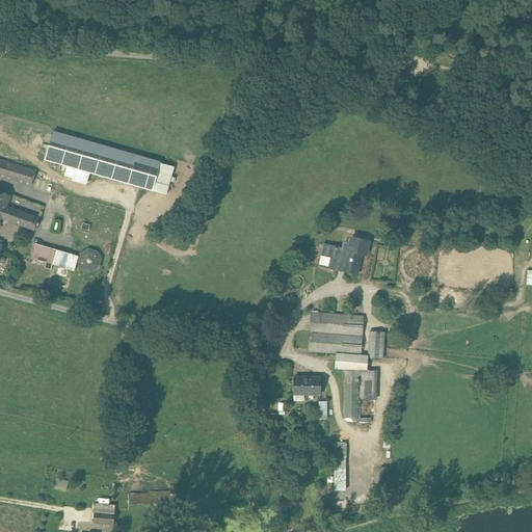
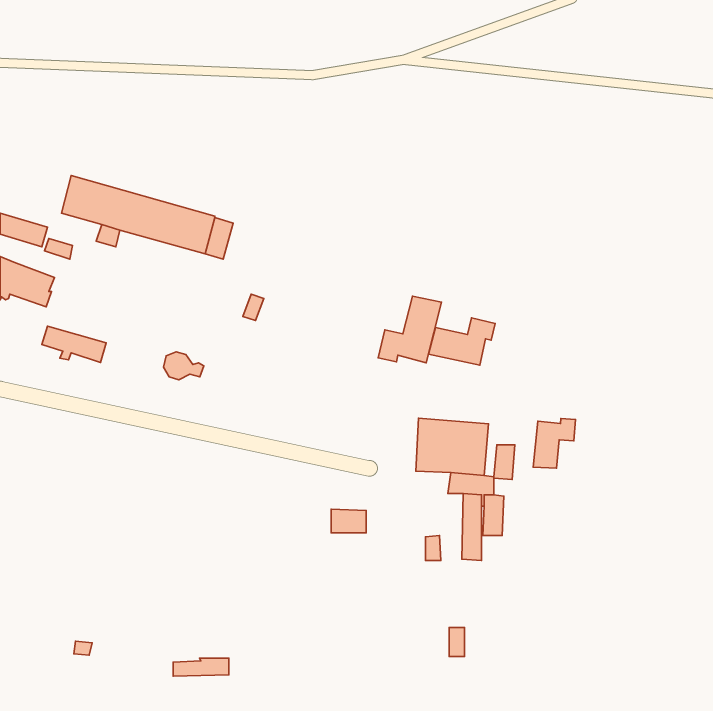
building: none -> [378,296,441,363]
building: [79,249,109,270] -> [163,352,204,380]
building: none -> [533,419,575,468]
building: [294,376,320,394] -> [331,509,366,533]
building: [92,503,115,524] -> none

